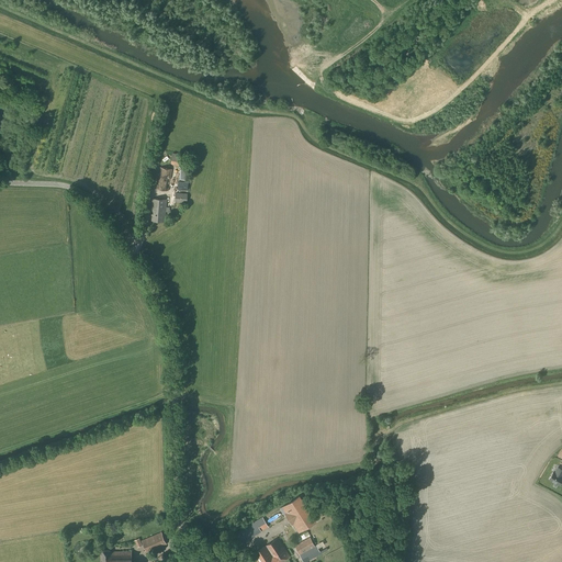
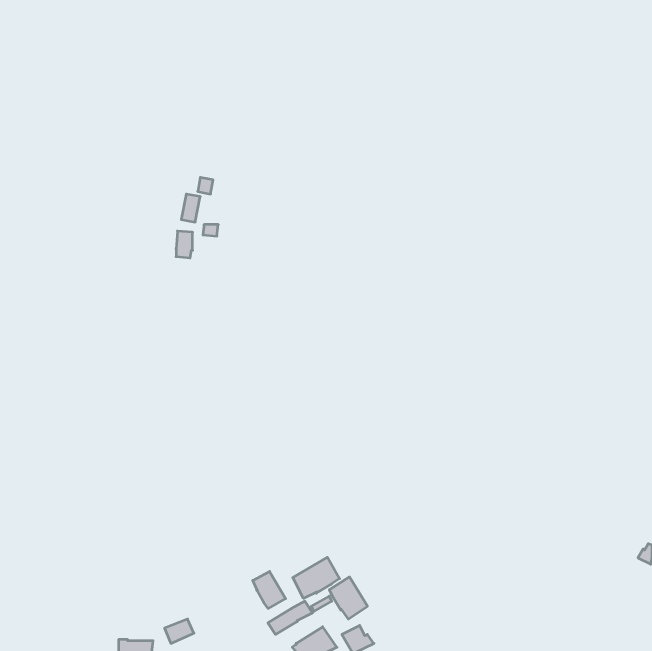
building: none -> [293,557,340,598]
building: none -> [253,571,286,608]

